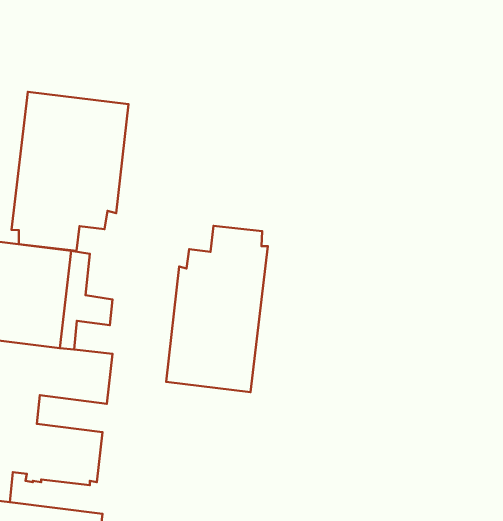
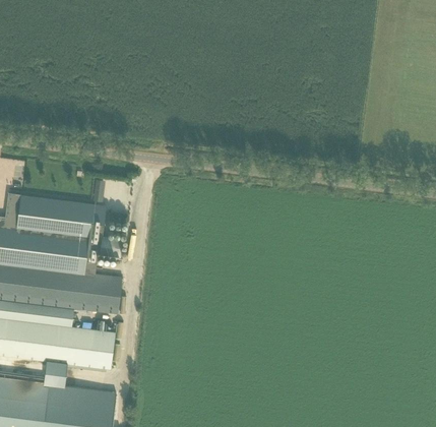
building: [11,92,128,251] -> none
building: [166,226,268,392] -> none

